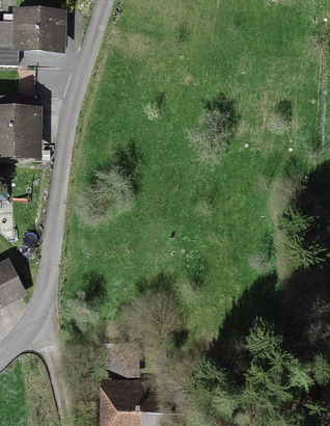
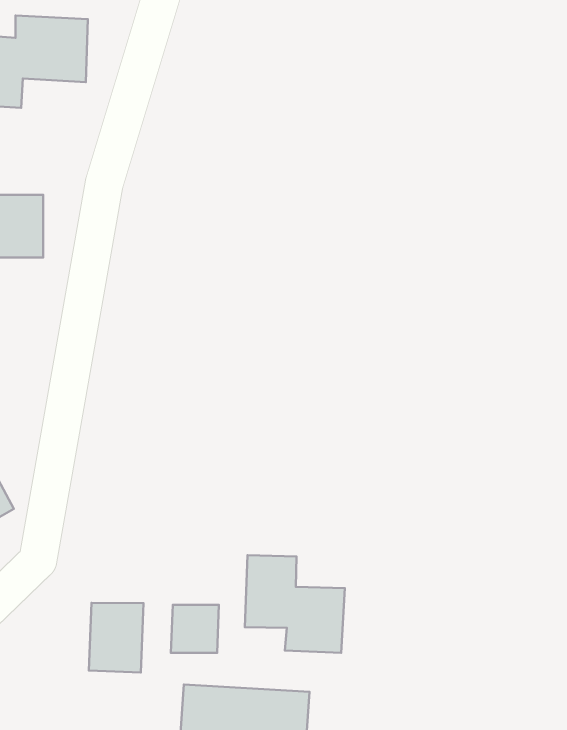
building: none -> [245,555,345,653]
building: none -> [89,603,143,673]

